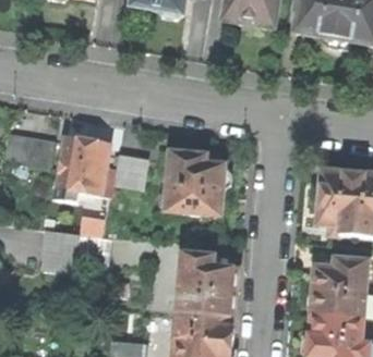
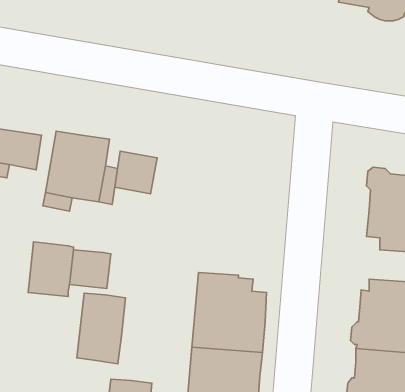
building: [165,150,231,213] -> none
building: none -> [77,293,125,364]

